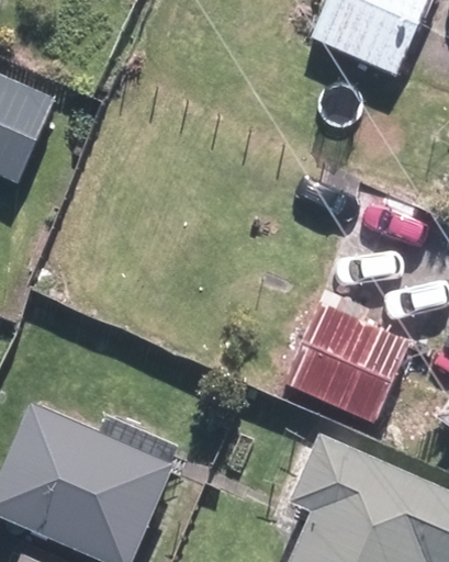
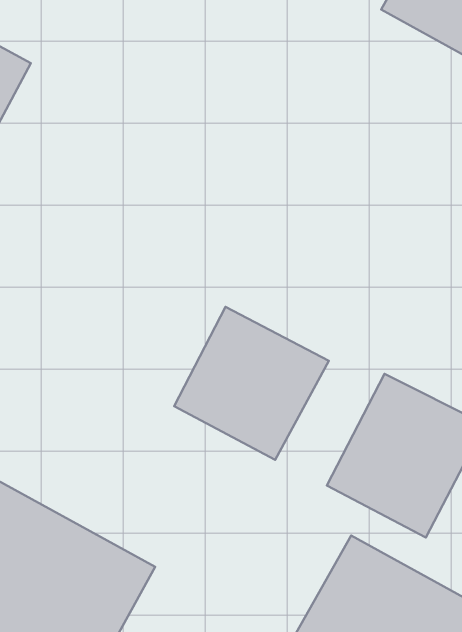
building: none -> [174,307,329,460]

